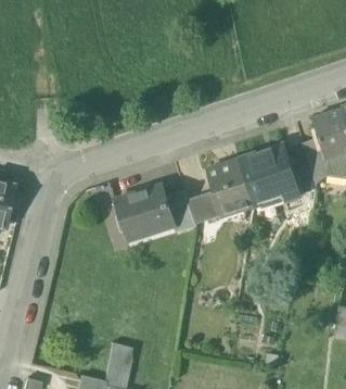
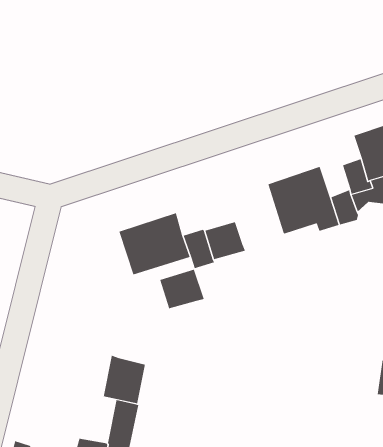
building: [207,161,254,212] -> none
building: none -> [160,269,204,309]
building: none -> [103,355,146,404]

